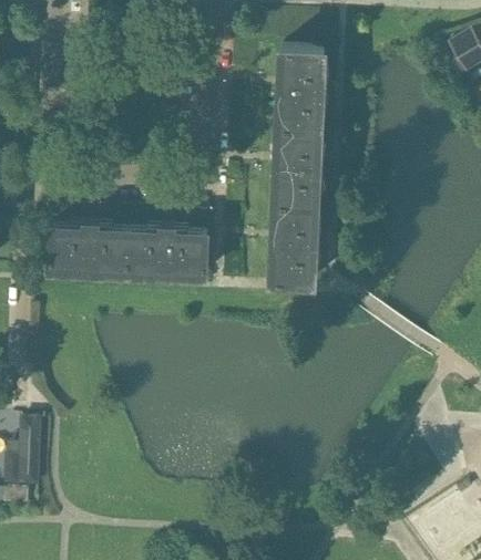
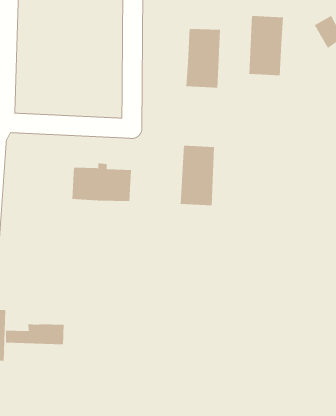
building: [275,124,321,204] -> [249,15,284,76]
building: [50,221,130,272] -> none
building: none -> [5,324,64,345]

